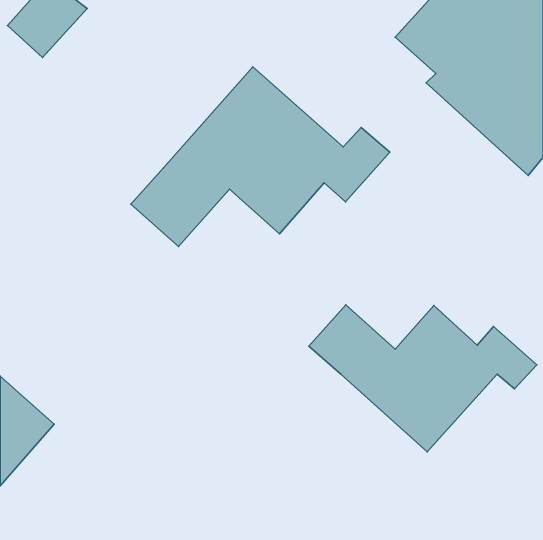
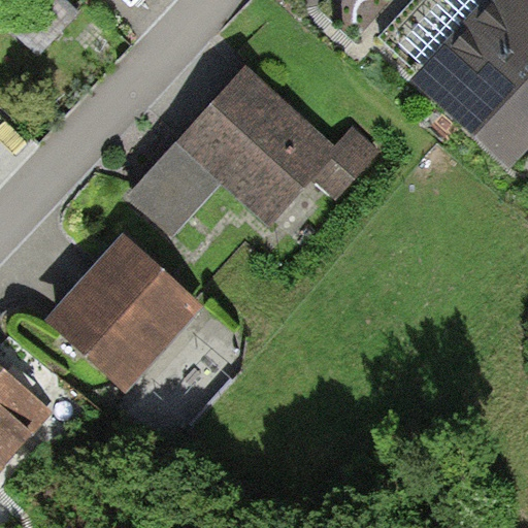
building: none -> [42,232,203,393]
building: [309,305,537,452] -> none

